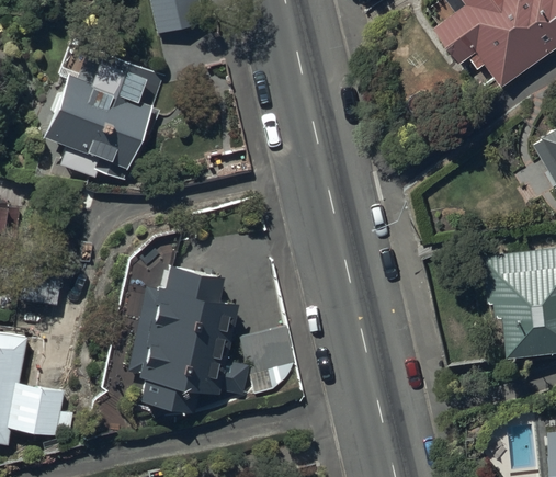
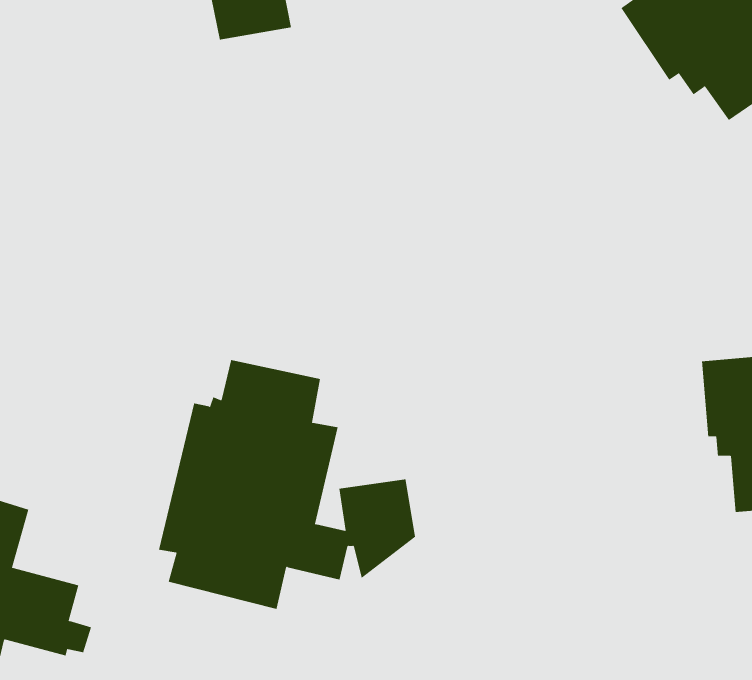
building: [35,42,164,189] -> none

